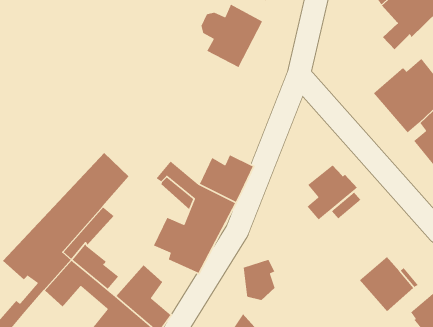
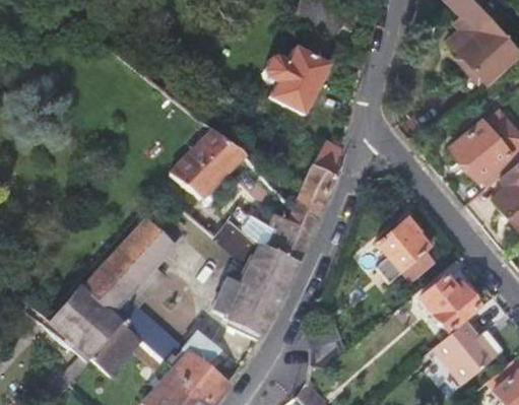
building: none -> [170,128,246,198]
building: none -> [293,137,344,222]
building: none -> [418,276,478,332]

